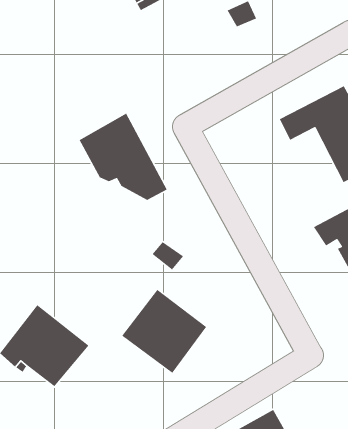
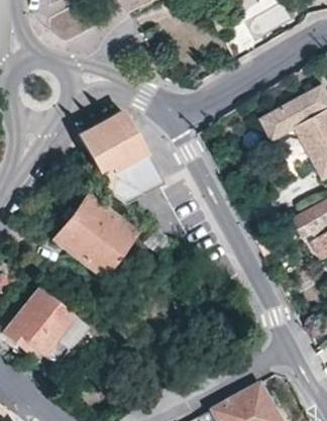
building: [121,289,207,374] -> [51,196,131,275]

